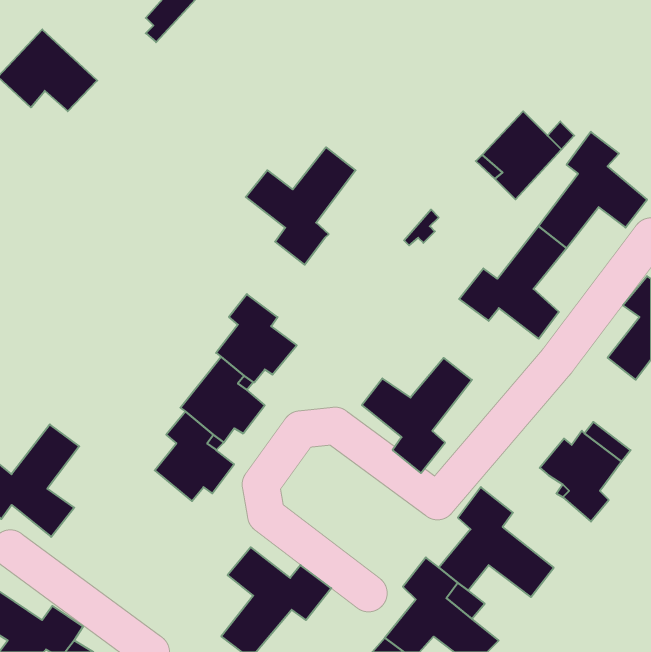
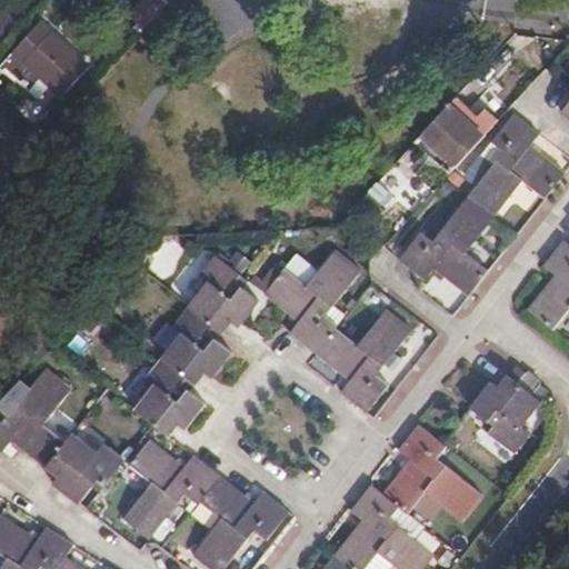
building: [246,147,356,265] -> [263,250,359,352]
building: none -> [44,435,123,503]
building: none -> [123,440,218,537]

